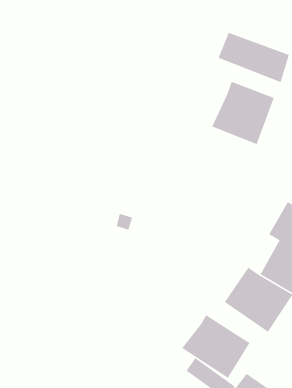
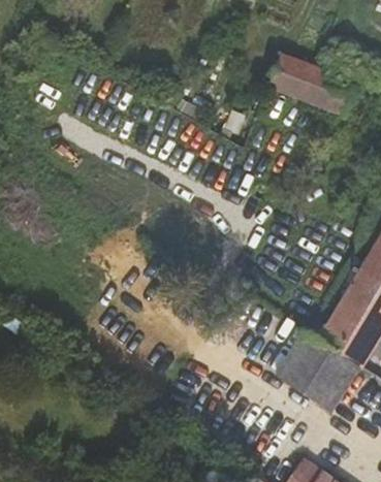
building: [211,81,275,145] -> none
building: [181,314,250,379] -> none

